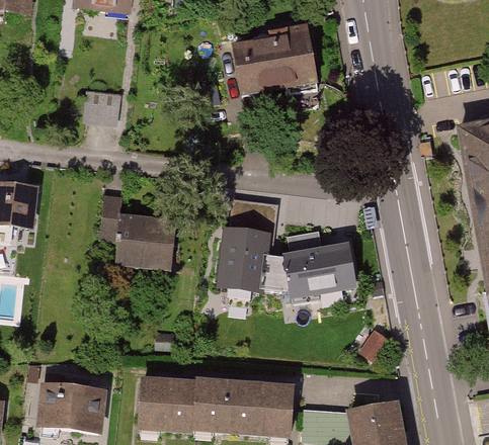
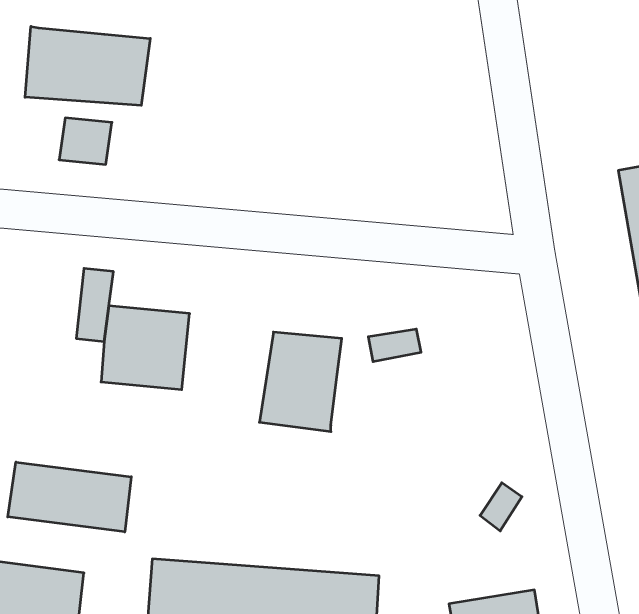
building: [228,28,317,97] -> none
building: none -> [25,26,150,105]
building: [266,246,358,300] -> none
building: none -> [8,462,131,532]

